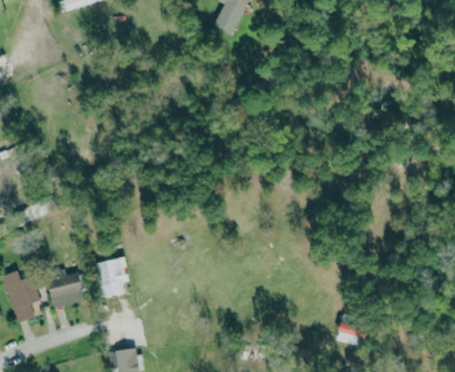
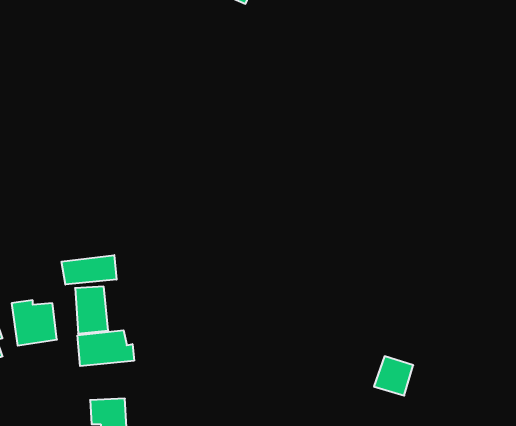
building: none -> [62,255,117,285]
building: none -> [78,330,134,366]

